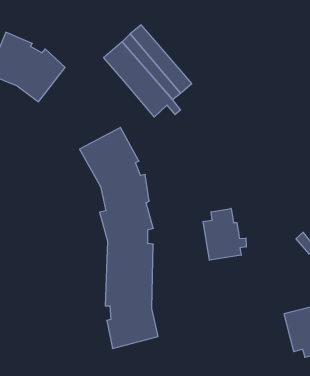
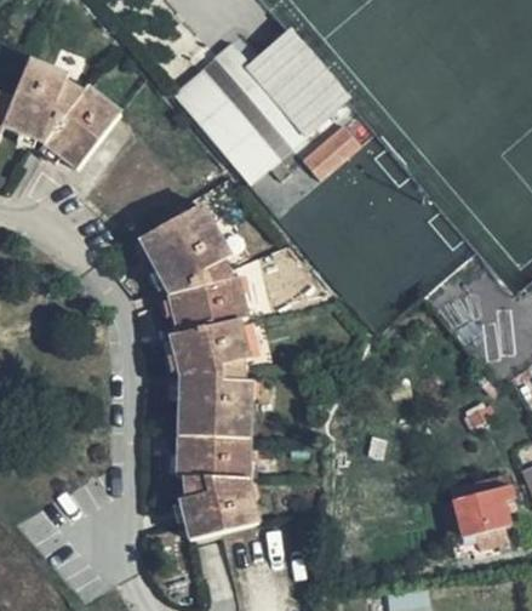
building: none -> [248,34,347,136]
building: none -> [307,127,365,182]
building: [203,208,246,260] -> none

